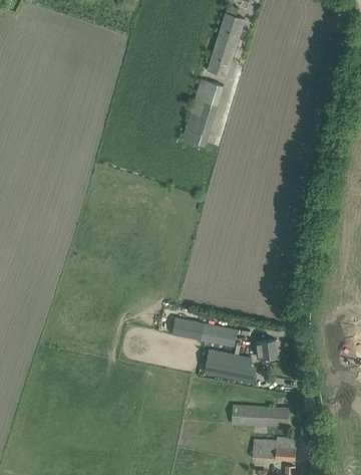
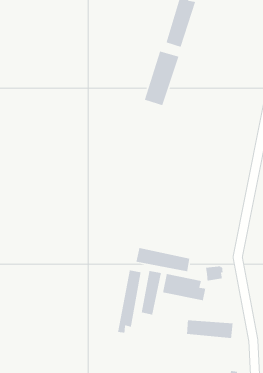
building: none -> [117,270,142,334]
building: none -> [141,270,162,316]
building: [252,438,296,461] -> none

